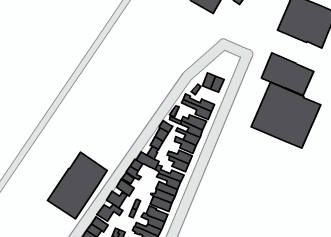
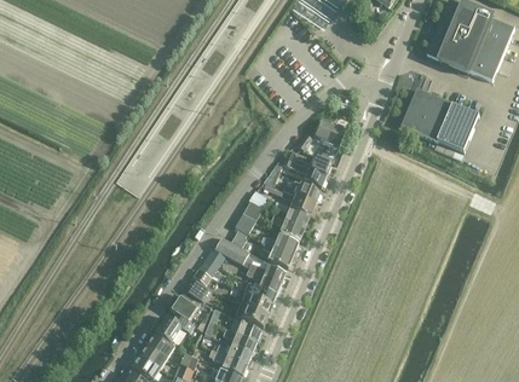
building: [251,82,321,148] -> none
building: [48,152,107,219] -> none

